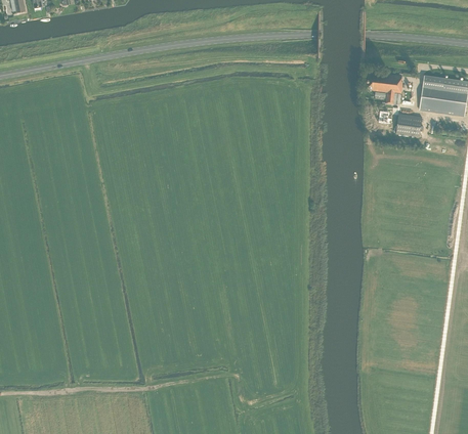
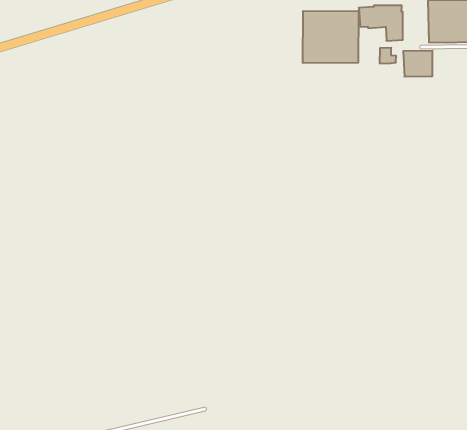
building: none -> [303,11,358,63]

